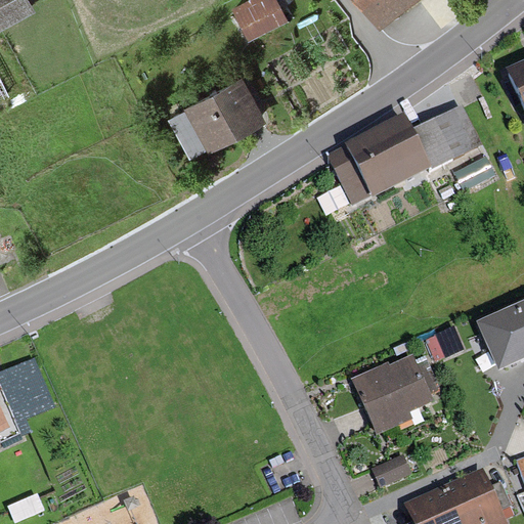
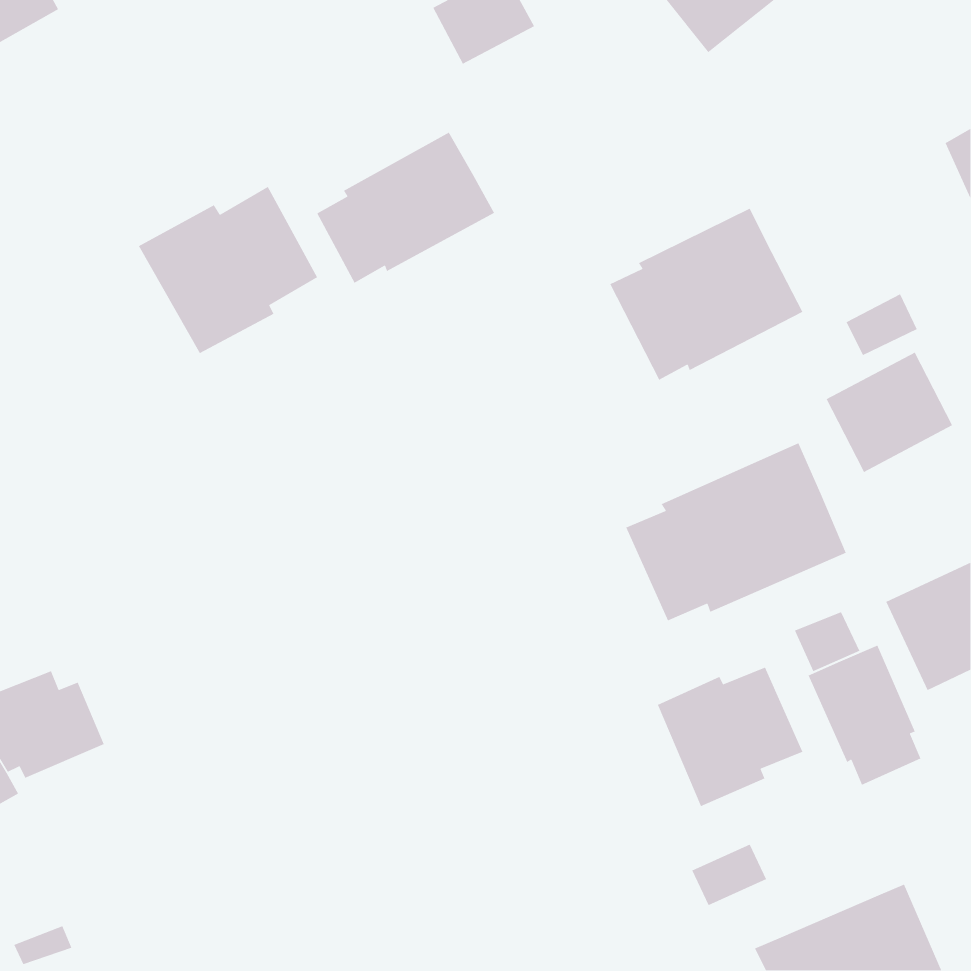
building: none -> [138,186,318,354]
building: [412,104,481,170] -> [826,351,953,473]
building: none -> [625,442,847,621]
building: none -> [807,645,921,786]

